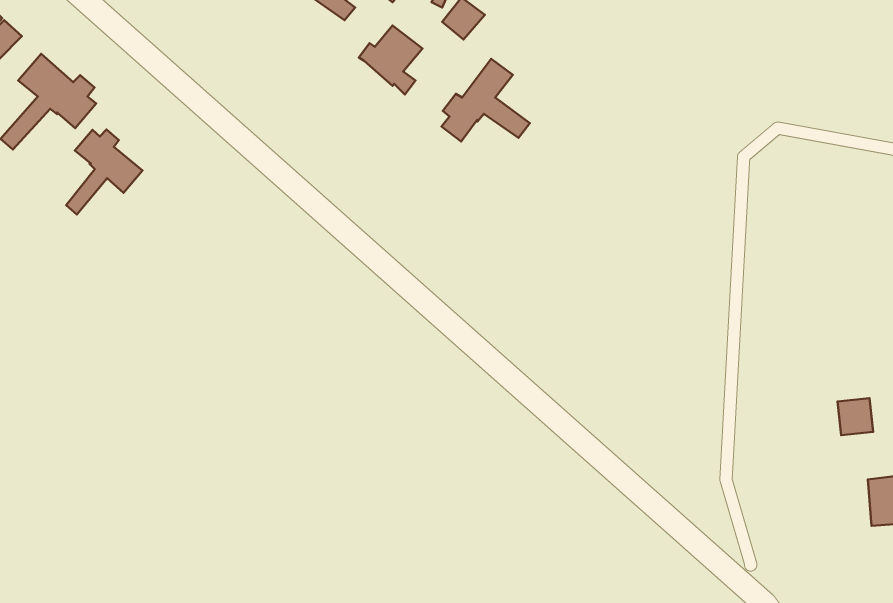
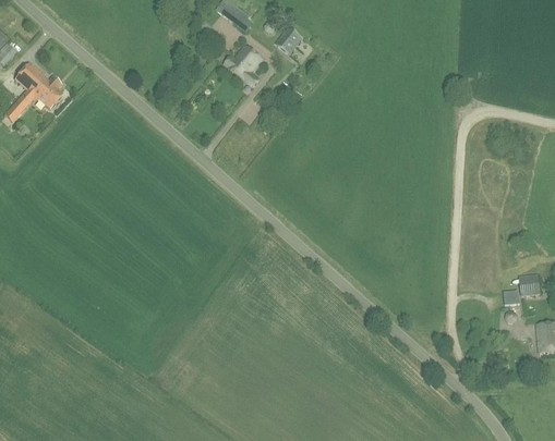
building: [441,59,530,142] -> none
building: [66,129,143,215] -> none

